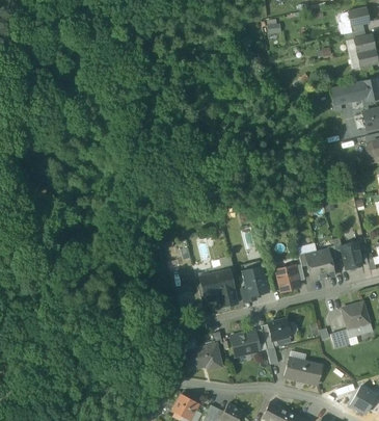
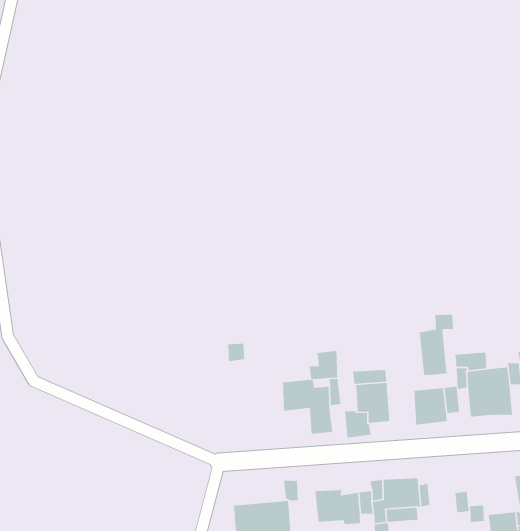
building: none -> [419,313,454,376]

